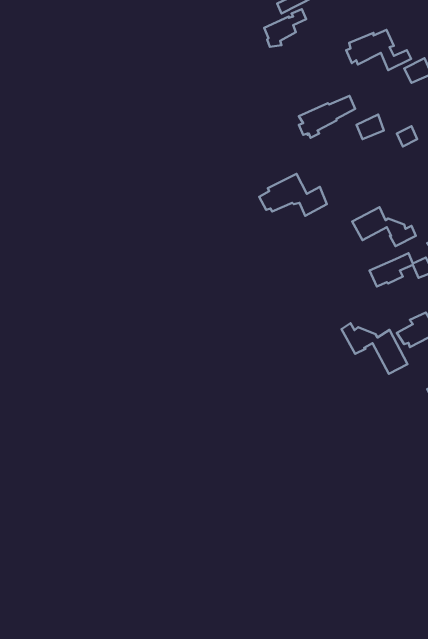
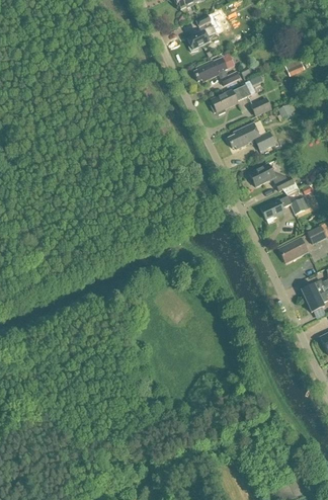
building: [346,30,411,70] -> [194,57,240,85]
building: [259,174,327,216] -> [228,121,275,151]
building: [342,323,407,374] -> none

